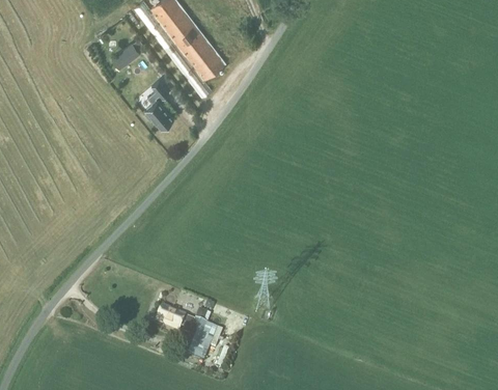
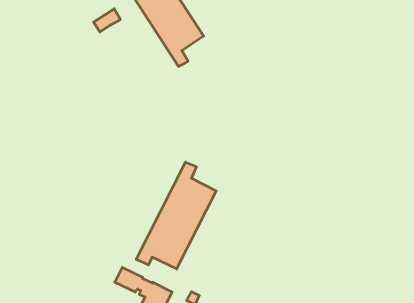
building: [146,78,176,128] -> none
building: none -> [136,162,216,269]

